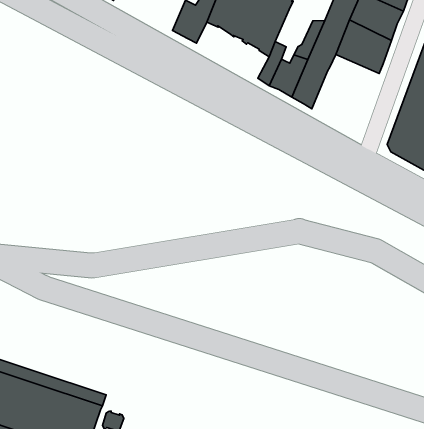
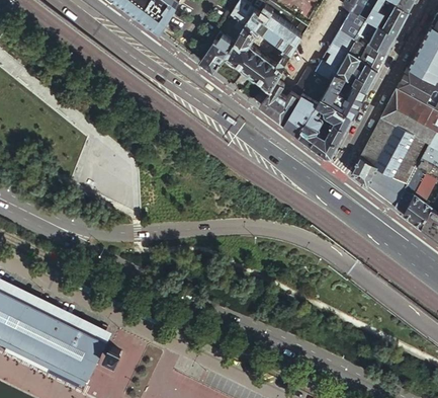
building: none -> [298,95,354,156]

